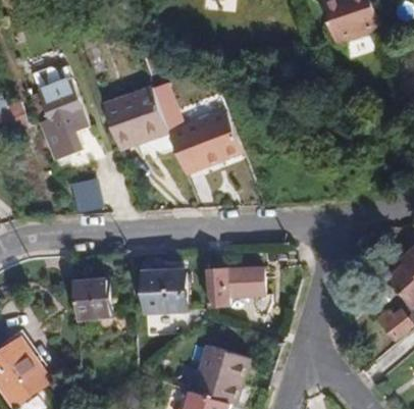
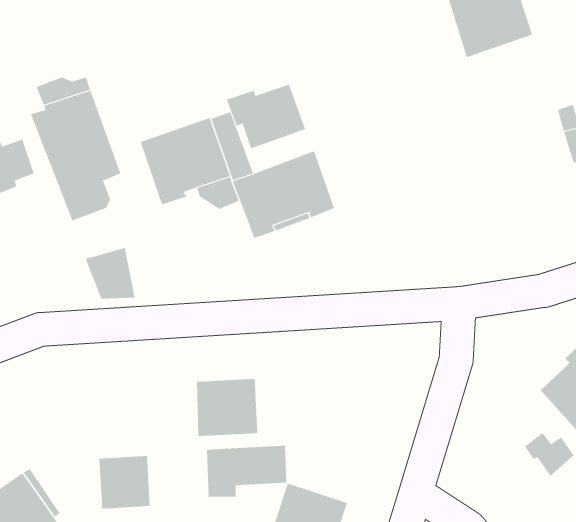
building: none -> [226,84,306,149]
building: [206,267,263,304] -> [206,445,287,497]
building: [72,279,109,317] -> [99,456,151,509]

